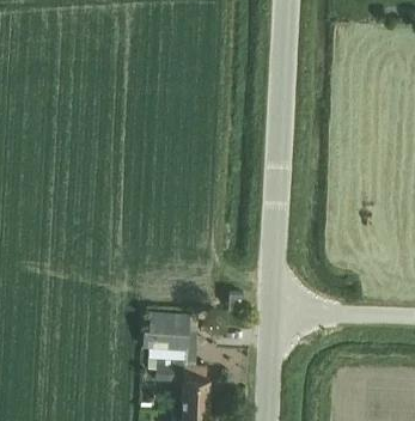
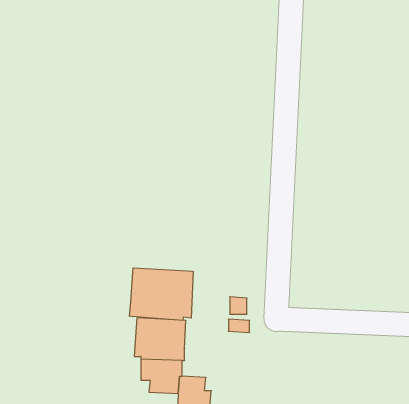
building: none -> [129,268,193,320]

